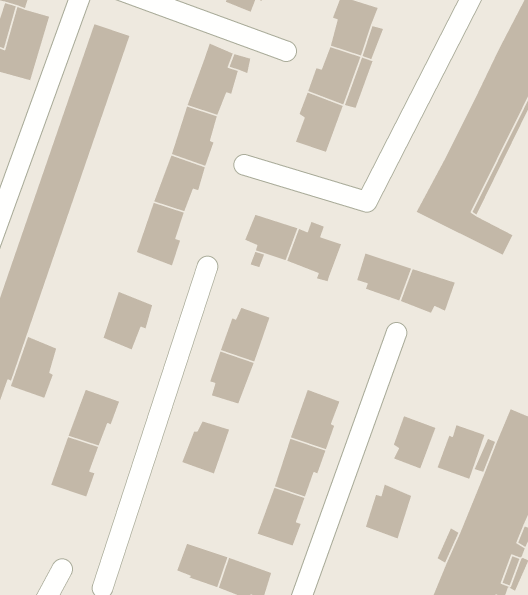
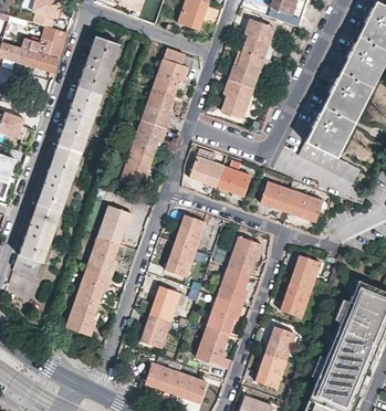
building: [10,336,57,399] -> [88,235,118,275]
building: none -> [229,236,263,275]
building: [436,424,485,480] -> [290,256,321,292]
building: none -> [143,314,170,349]
building: none -> [259,355,286,389]

